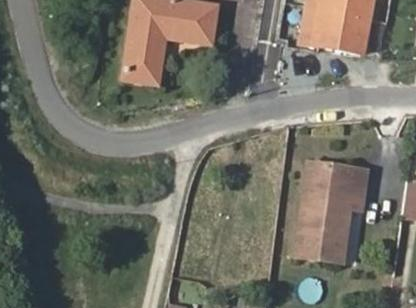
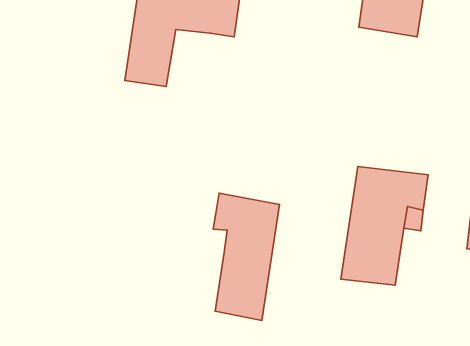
building: none -> [213,193,279,321]

